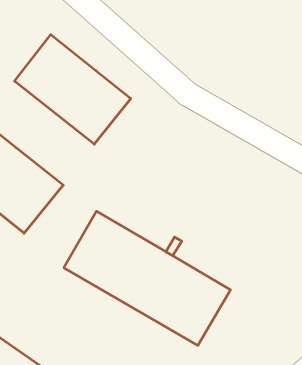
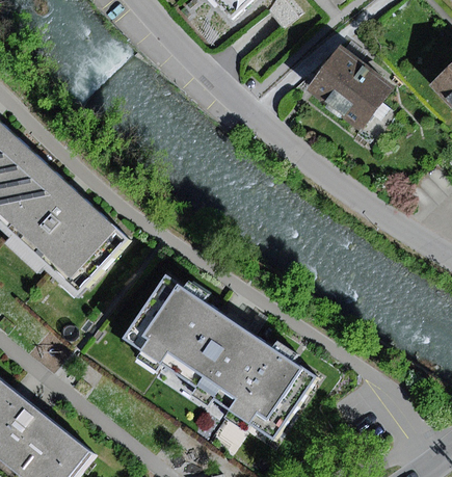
building: none -> [307,47,391,129]
building: [15,35,131,144] -> none

